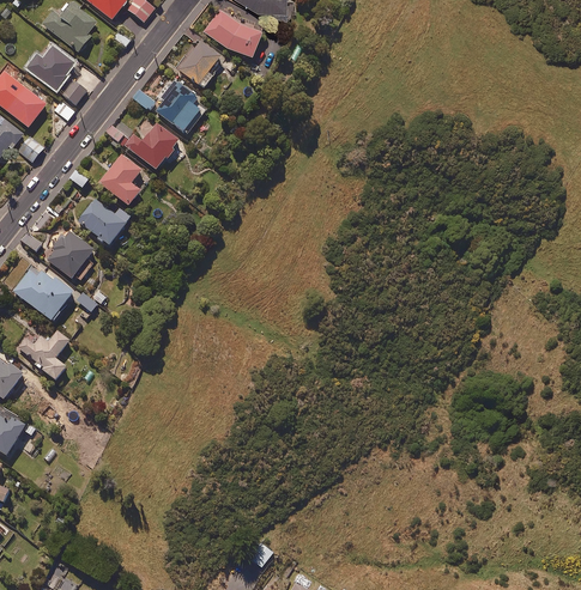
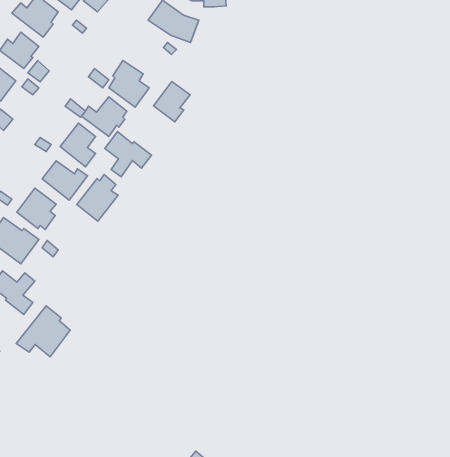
building: [177,39,220,87] -> [154,82,190,122]
building: none -> [105,132,151,177]
building: none -> [77,174,118,221]
building: none -> [16,306,70,357]

